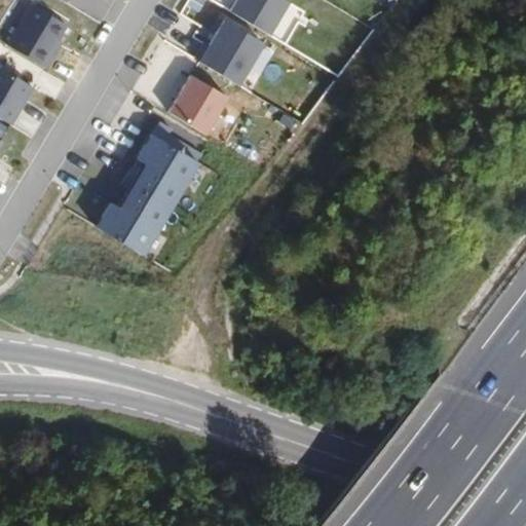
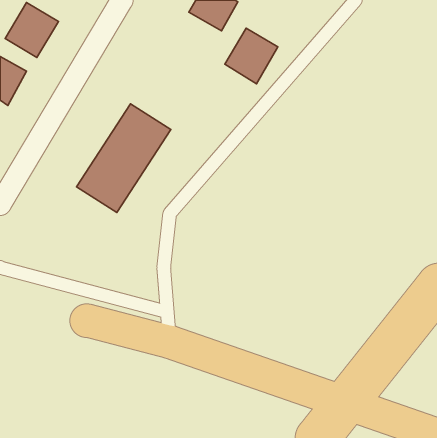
building: [199,17,263,84] -> [225,28,278,84]
building: [170,73,234,139] -> none

